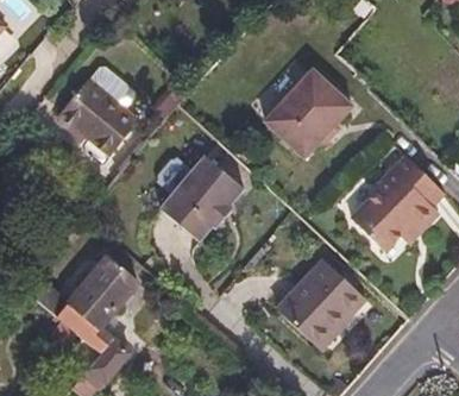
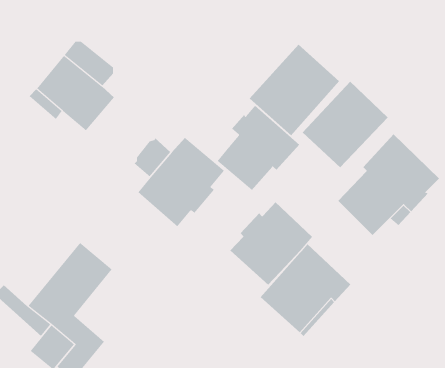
building: none -> [302,81,389,168]
building: none -> [217,105,300,191]
building: none -> [230,202,313,286]

